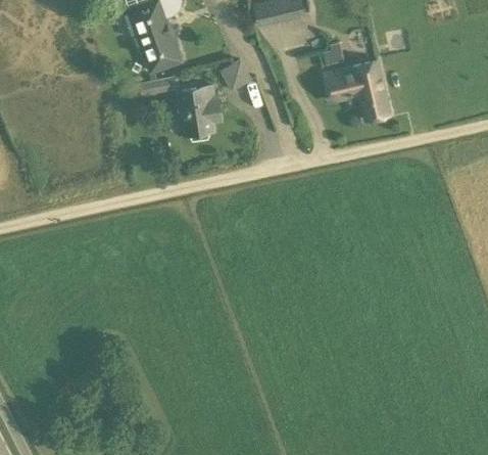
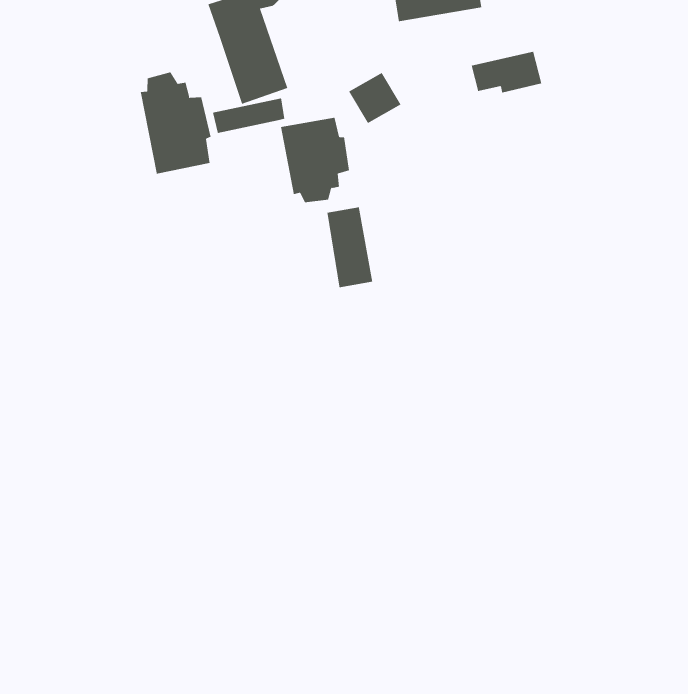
building: none -> [140,72,211,175]
building: [326,60,391,118] -> none
building: none -> [327,207,373,288]

